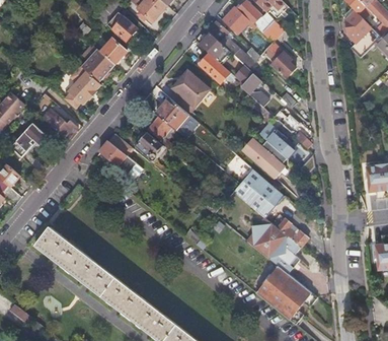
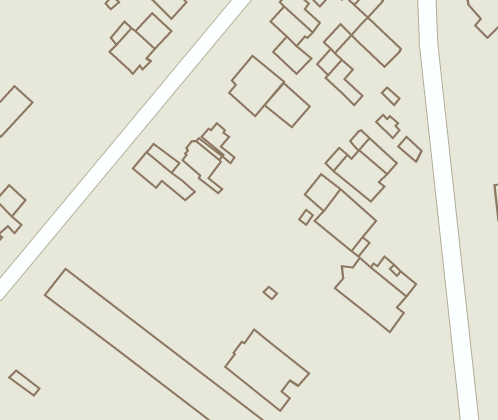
building: [63,64,100,109] -> none
building: [155,96,188,129] -> [265,83,310,127]
building: [43,111,77,138] -> none
building: [11,122,49,157] -> none
building: [255,264,317,324] -> [225,330,309,411]

